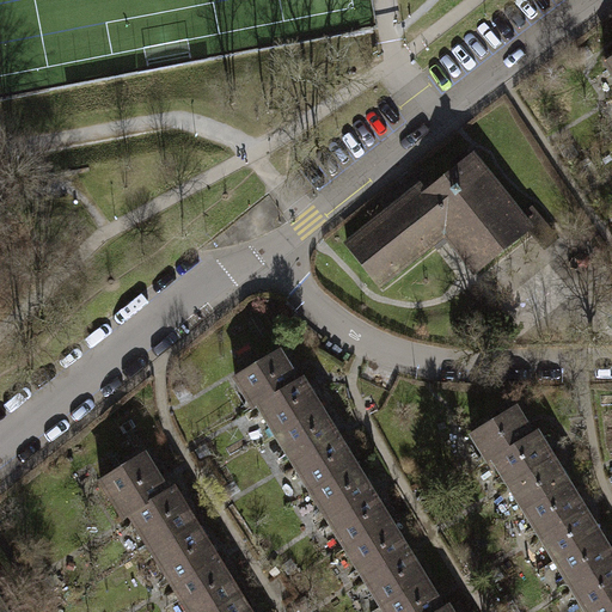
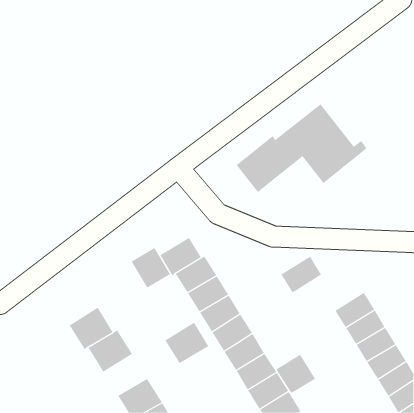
building: none -> [131,247,171,289]
building: [472,406,533,461] -> [281,256,322,293]
building: none -> [275,354,316,394]
building: [152,522,218,585] -> [165,322,209,364]

